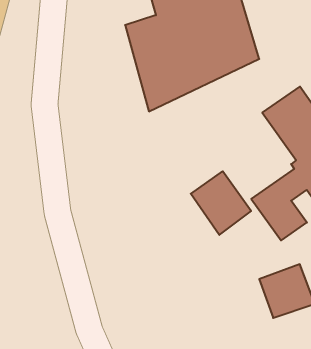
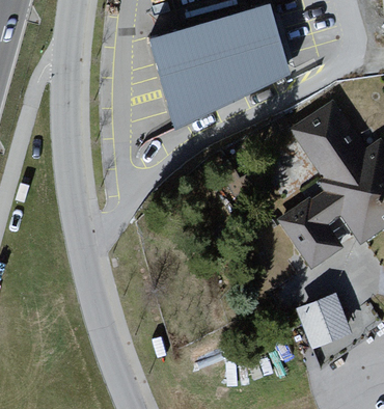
building: [191,171,251,235] -> none

